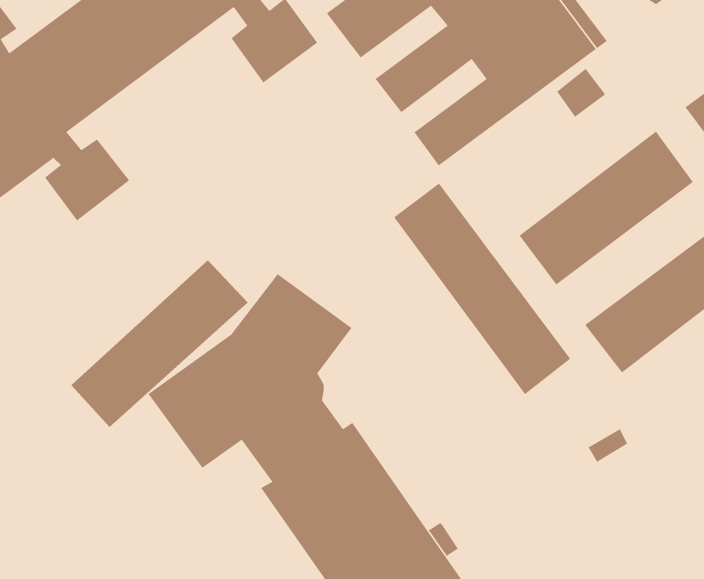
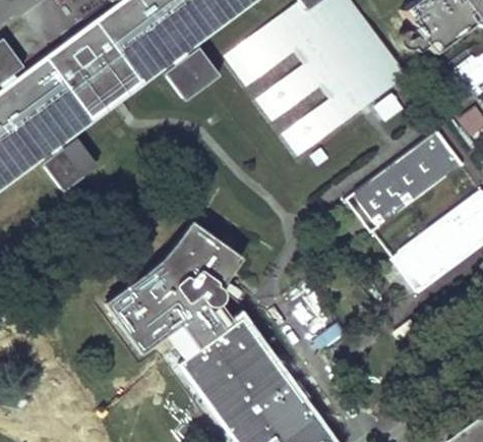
building: [393,183,571,395] -> none
building: [70,259,248,428] -> none

